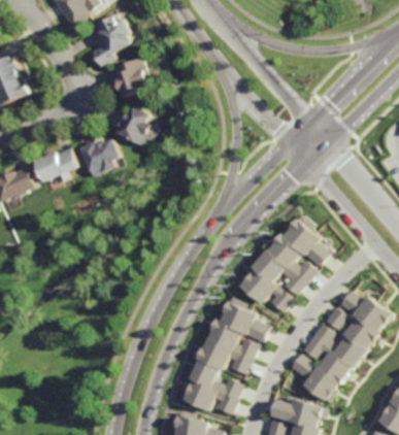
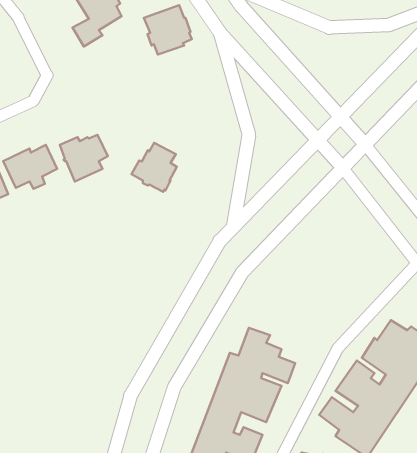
building: [108,58,147,98] -> [144,5,192,54]
building: [111,105,148,145] -> [132,143,177,192]
building: [242,212,330,312] -> none

